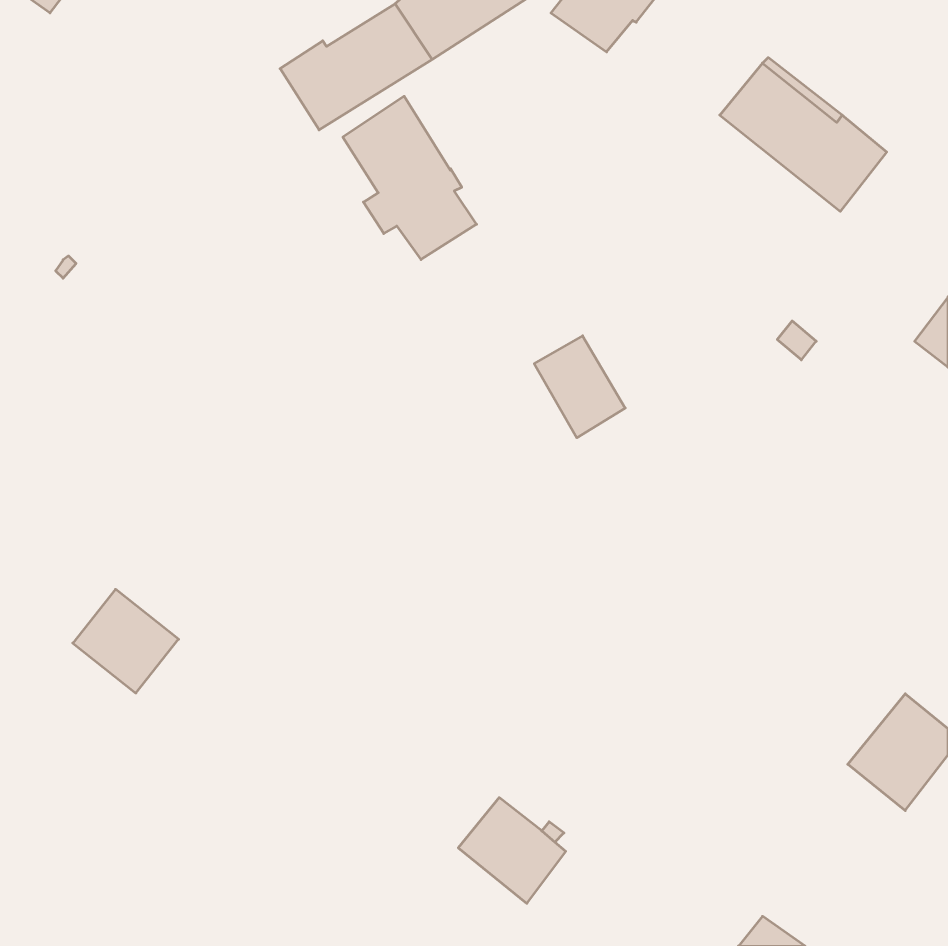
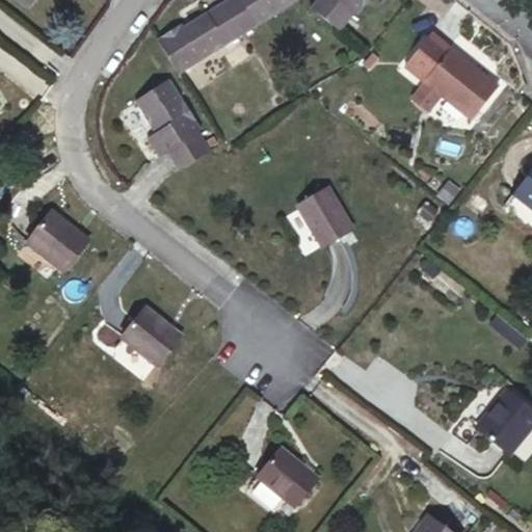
building: [343,96,477,260] -> [135,78,210,169]
building: none -> [27,211,88,270]
building: [73,589,179,693] -> [122,307,181,365]

